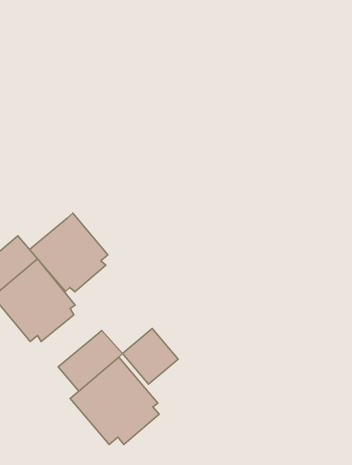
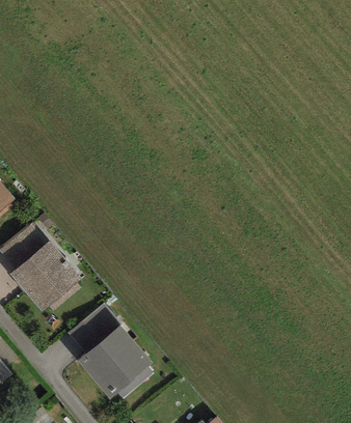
building: [30,213,108,292] -> none
building: [123,329,178,384] -> none

